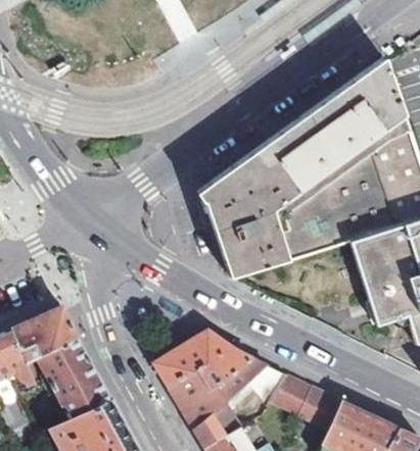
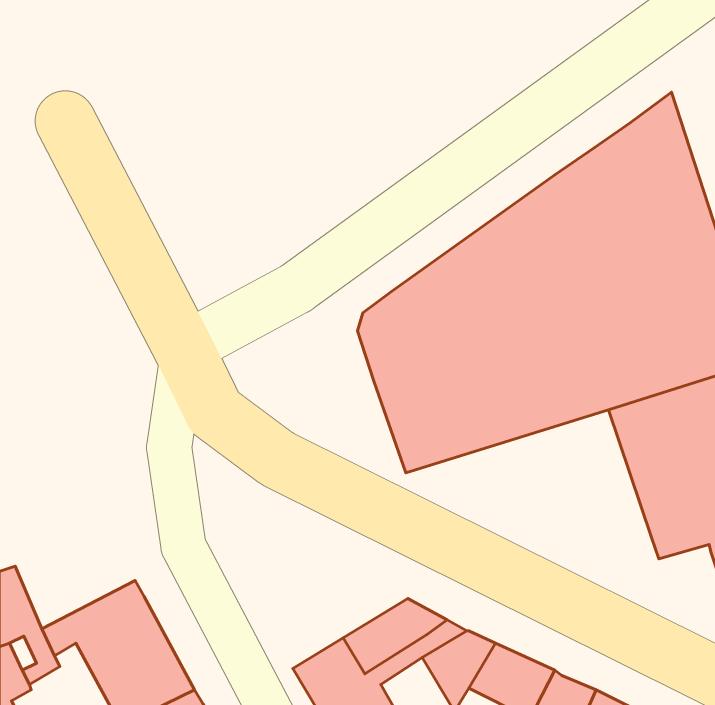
building: [10,306,79,366] -> none
building: [153,331,234,389] -> none

